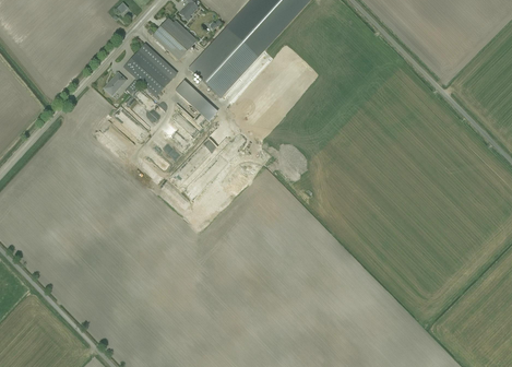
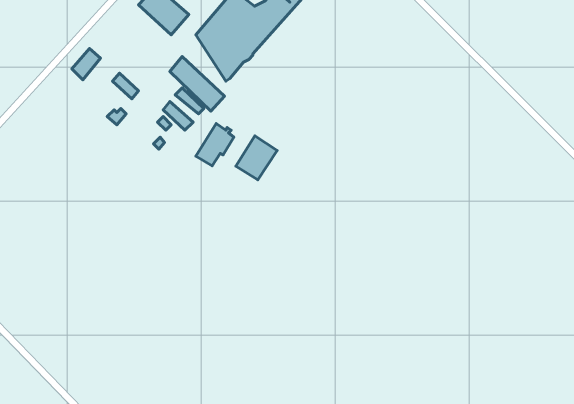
building: [123,42,177,94] -> none
building: none -> [236,136,277,180]

